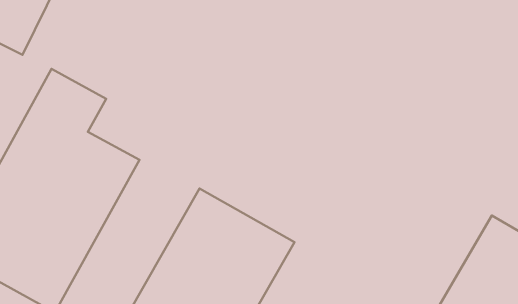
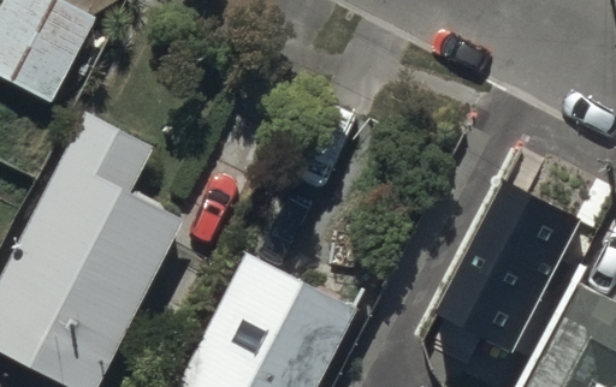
building: none -> [437,190,580,361]

